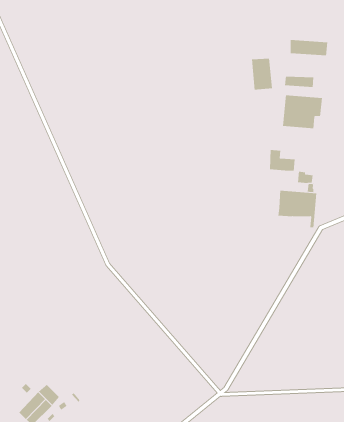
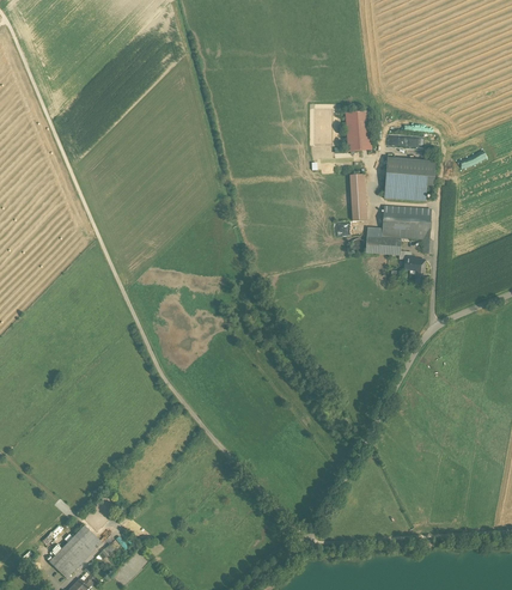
building: [290,39,328,56] -> none
building: none -> [349,172,368,219]
building: [278,190,317,228] -> [382,205,432,253]

